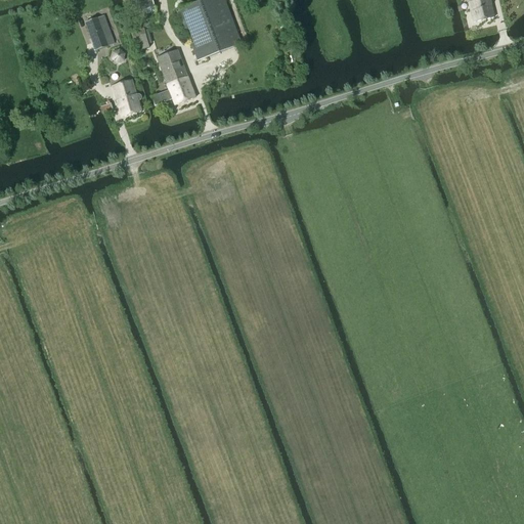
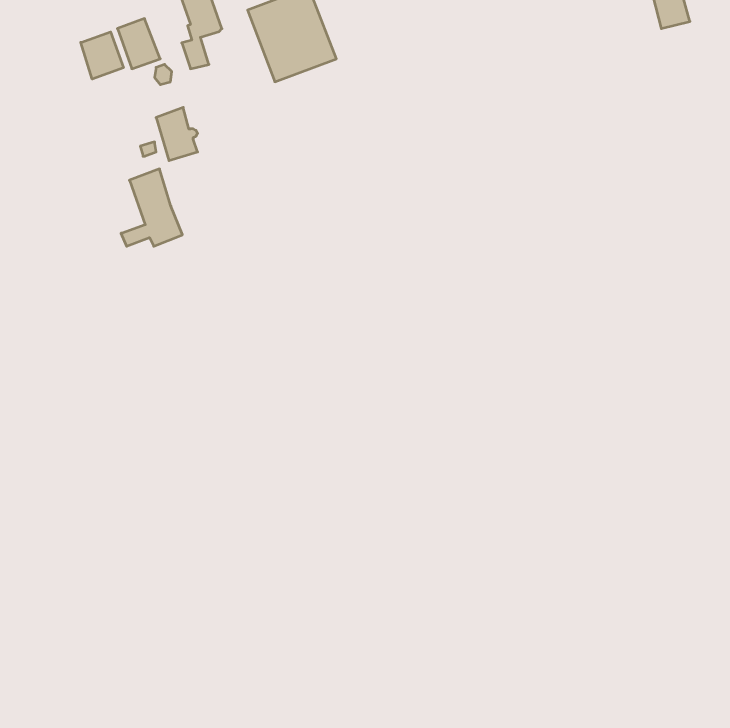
building: none -> [81,32,123,79]
building: [151,48,195,103] -> [121,169,182,246]

